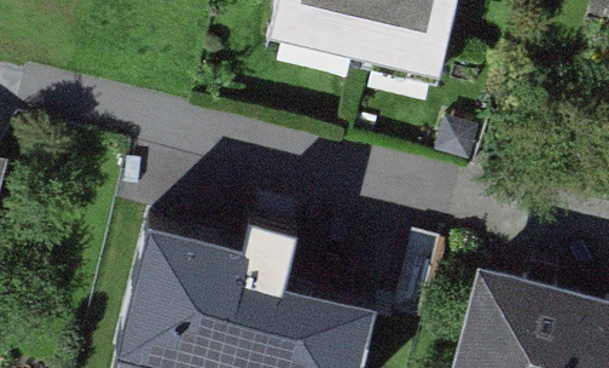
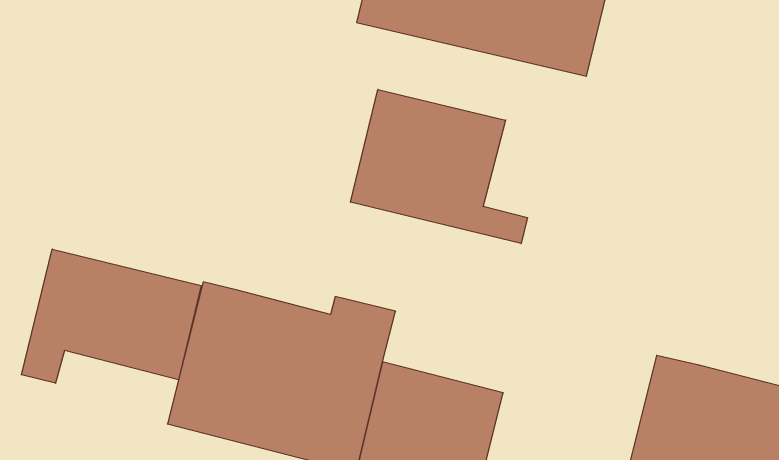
building: none -> [351,89,527,244]
building: none -> [21,249,201,383]

